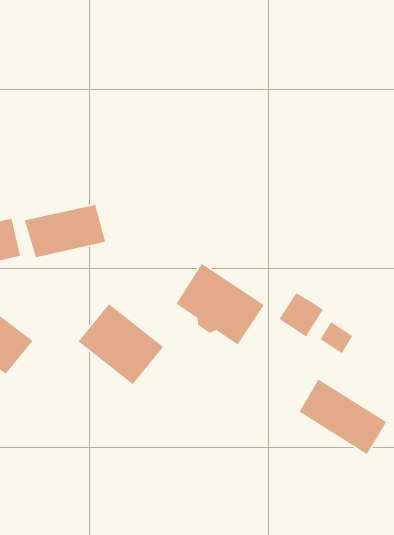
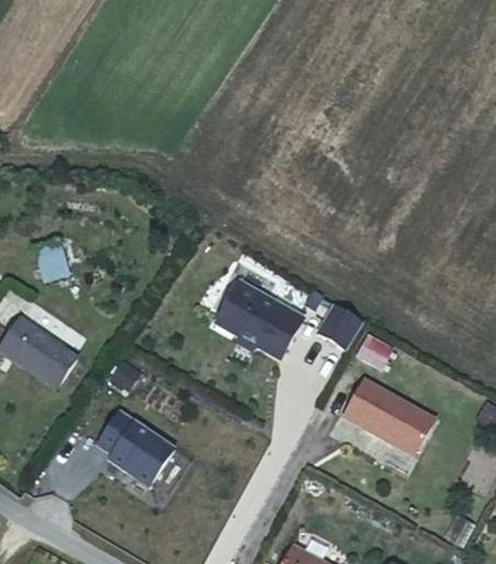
building: [24,204,106,258] -> none
building: [77,303,164,385] -> [83,412,169,491]

